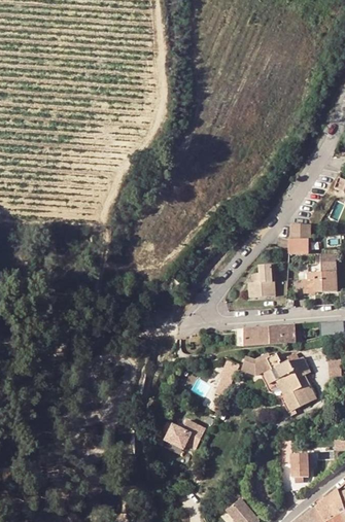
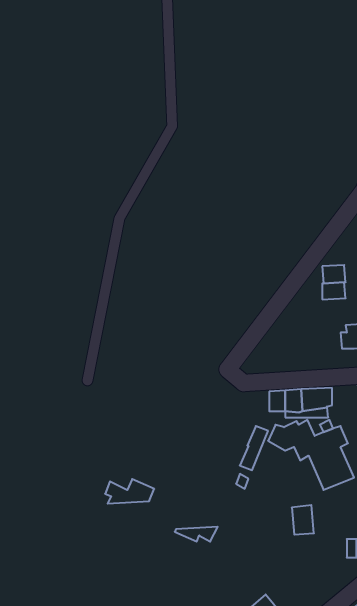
building: [247,265,275,299] -> none
building: [164,423,205,444] -> [105,479,154,504]
building: [289,453,308,478] -> [292,505,314,535]

